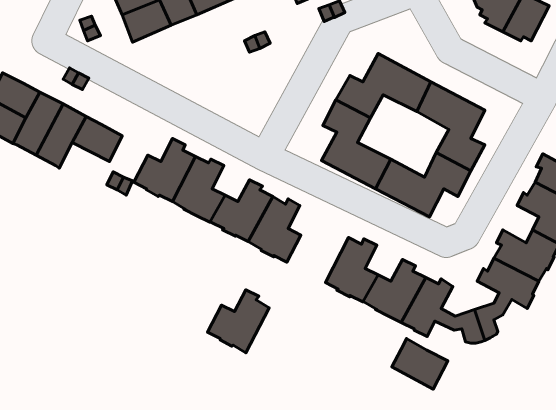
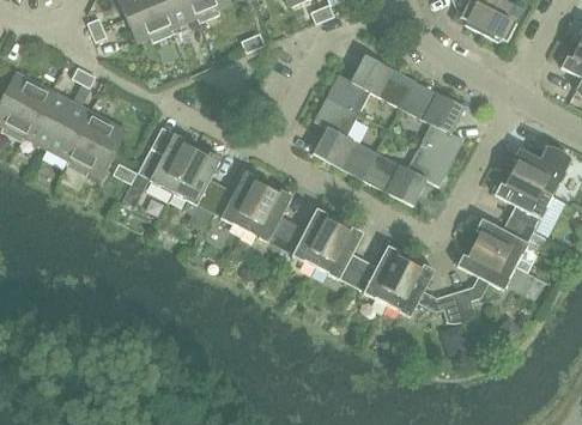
building: none -> [67,136,115,178]
building: [207,290,269,353] -> [280,208,338,267]
building: [392,339,448,389] -> none

